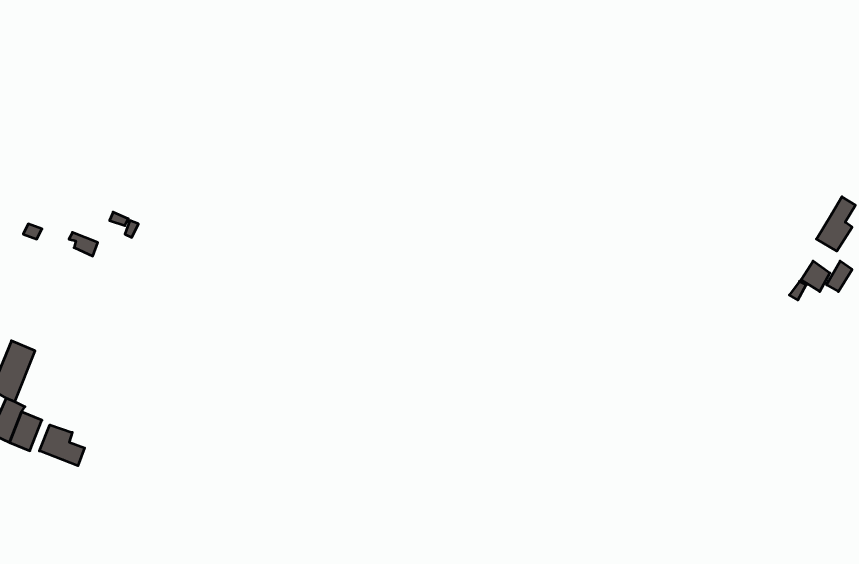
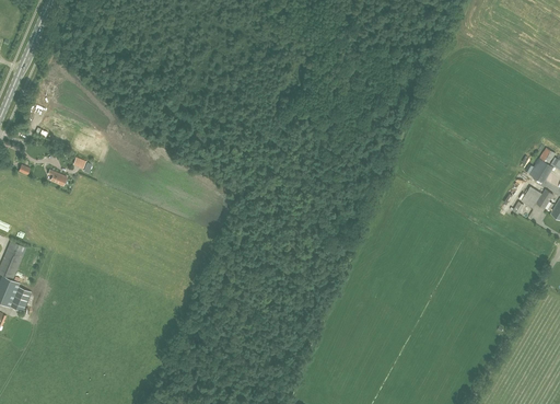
building: [39,425,85,466] -> none

